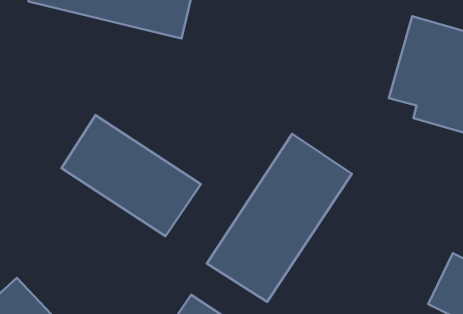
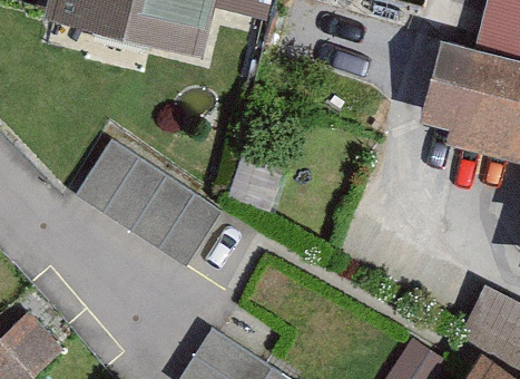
building: [207,134,352,302] -> none

